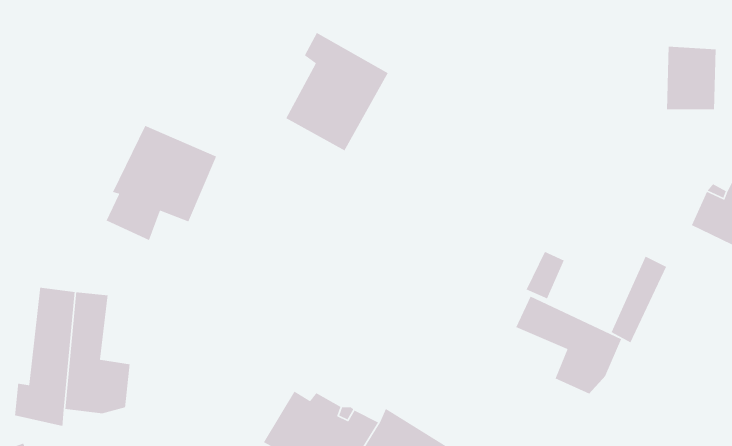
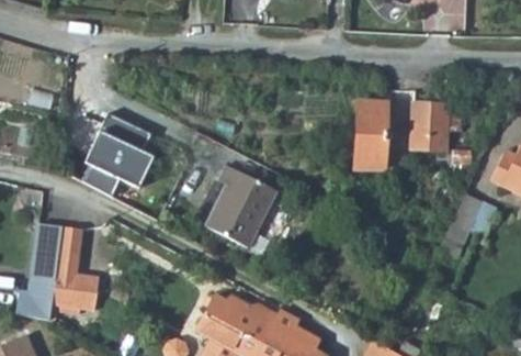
building: [285,32,389,151] -> [211,171,283,255]
building: [666,46,716,110] -> [408,103,443,148]
building: none -> [352,102,383,170]
building: [515,296,622,395] -> none

